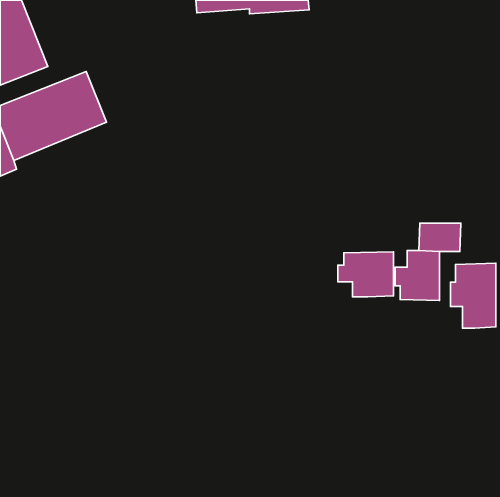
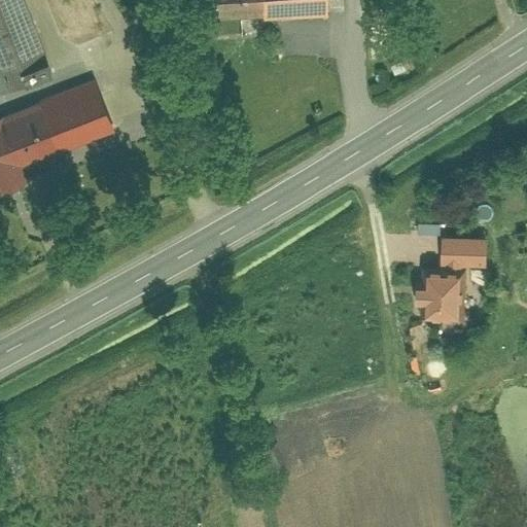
building: [338,252,393,297] -> none
building: [450,263,496,328] -> none

